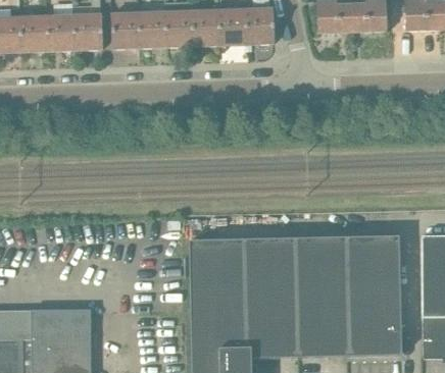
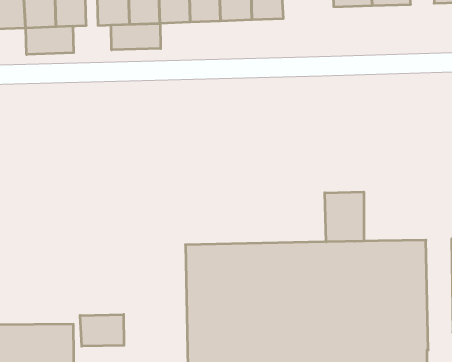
building: none -> [111,23,161,50]
building: none -> [26,26,74,55]
building: none -> [325,192,364,242]
building: none -> [80,314,124,346]

